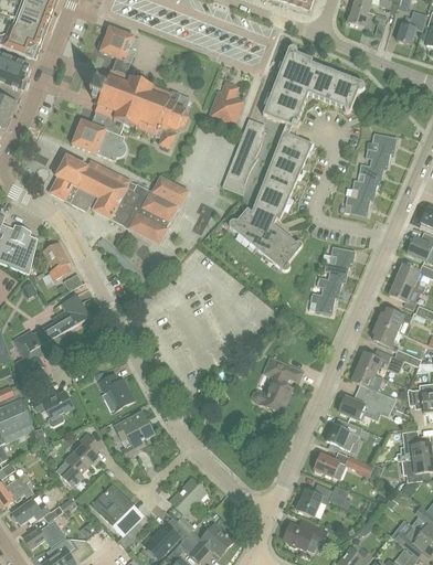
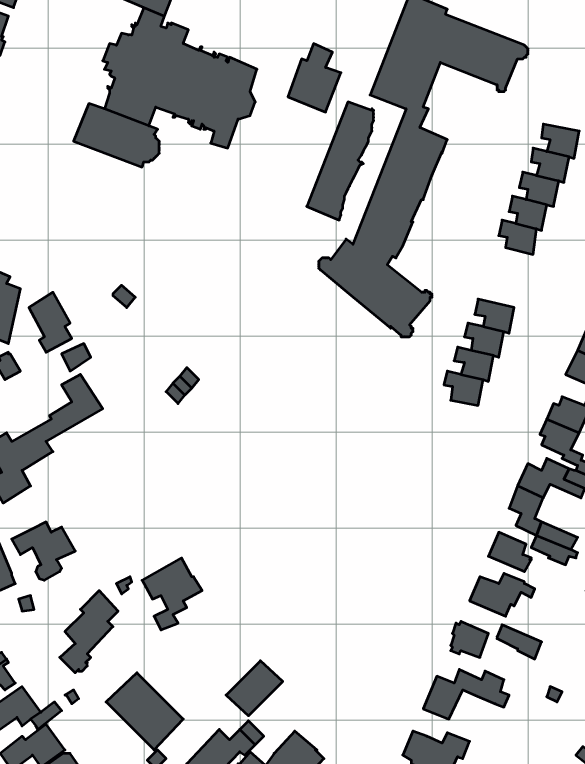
building: [49,156,189,243] -> none
building: [252,356,302,412] -> none
building: [98,373,134,408] -> none

